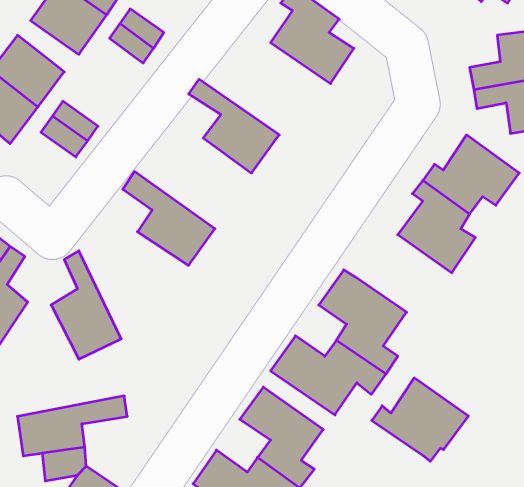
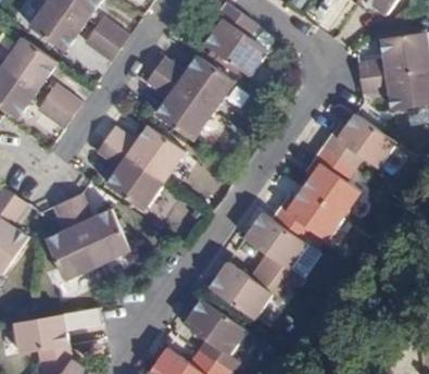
building: none -> [154,55,235,112]
building: none -> [106,127,187,182]
building: none -> [65,192,127,263]
building: [372,378,468,461] -> [270,186,342,248]

